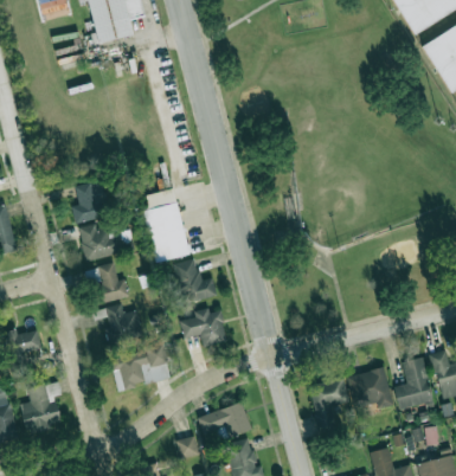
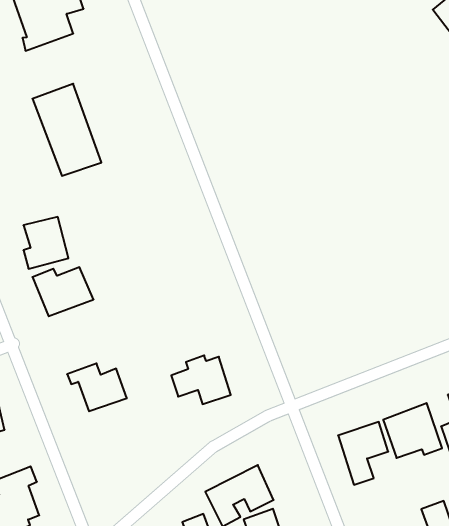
building: [140,188,190,262] -> [32,84,101,176]
building: [173,258,217,303] -> none
building: [88,263,129,304] -> none
building: [110,345,169,390] -> none

